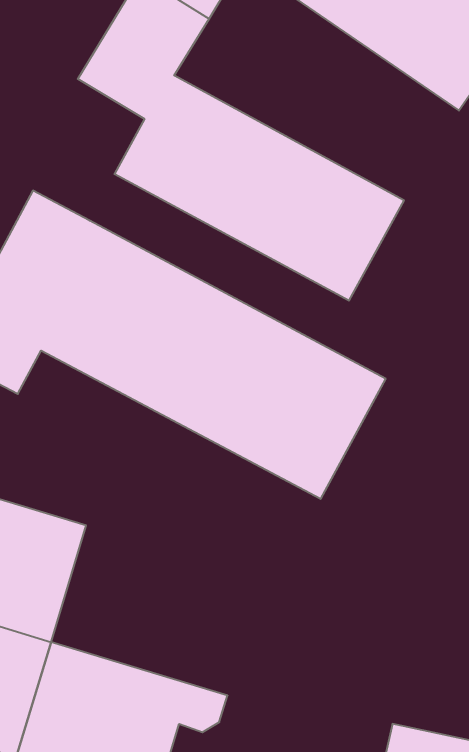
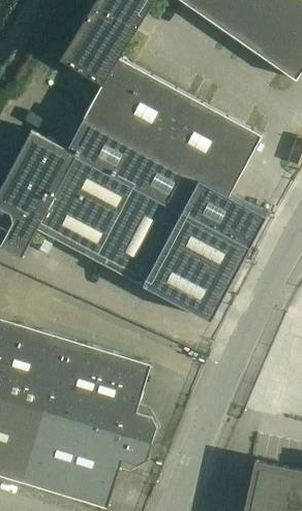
building: none -> [65,120,264,247]
building: none -> [41,338,156,443]

